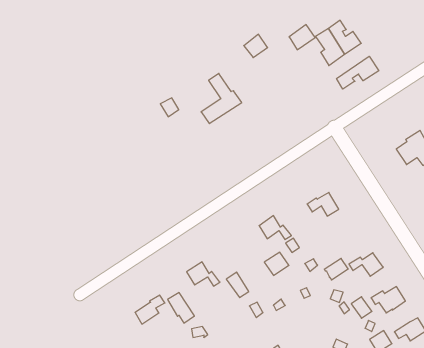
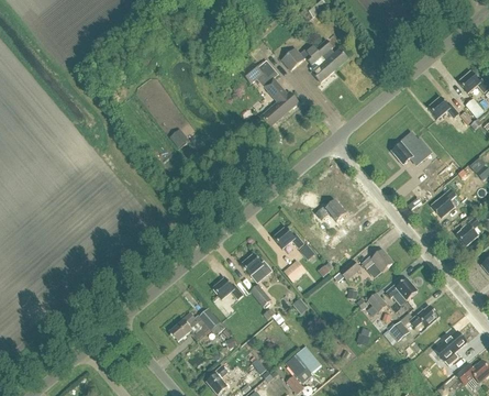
building: [337,56,379,89] -> none
building: [201,73,242,124] -> [260,78,297,125]
building: none -> [242,253,271,283]

